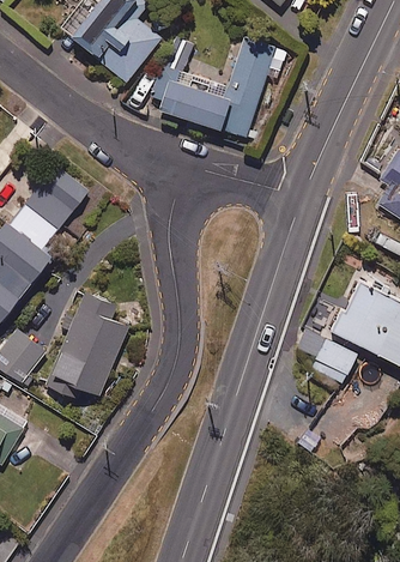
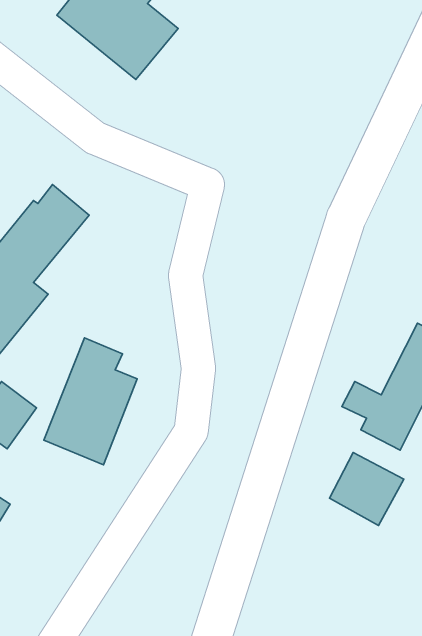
building: [160,37,281,137] -> none
building: none -> [329,453,404,525]

